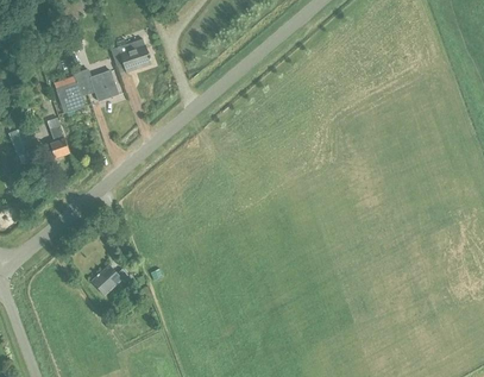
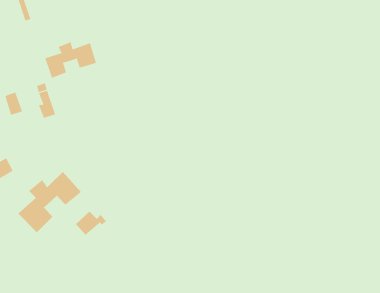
building: [111,38,150,69] -> none
building: none -> [17,171,82,233]

